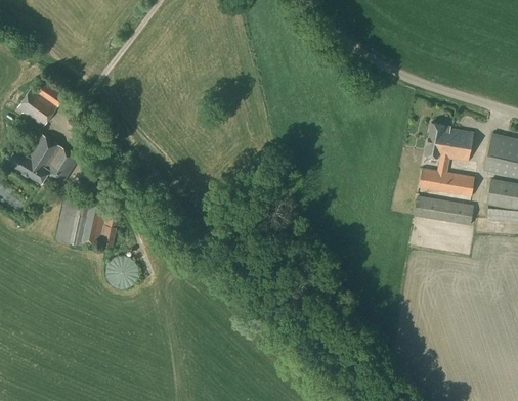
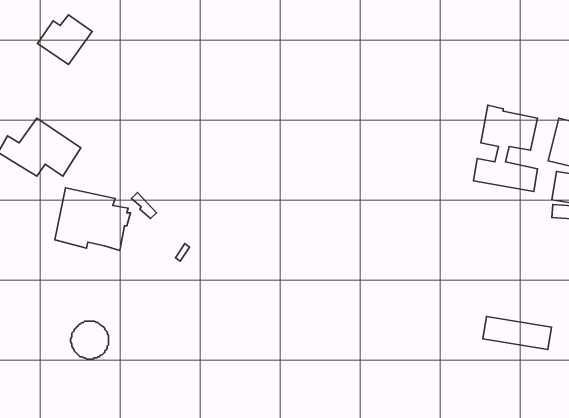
building: [17,83,64,126] -> [38,15,92,65]
building: [414,196,473,225] -> [483,317,552,350]
building: [105,256,138,288] -> [71,321,109,359]

